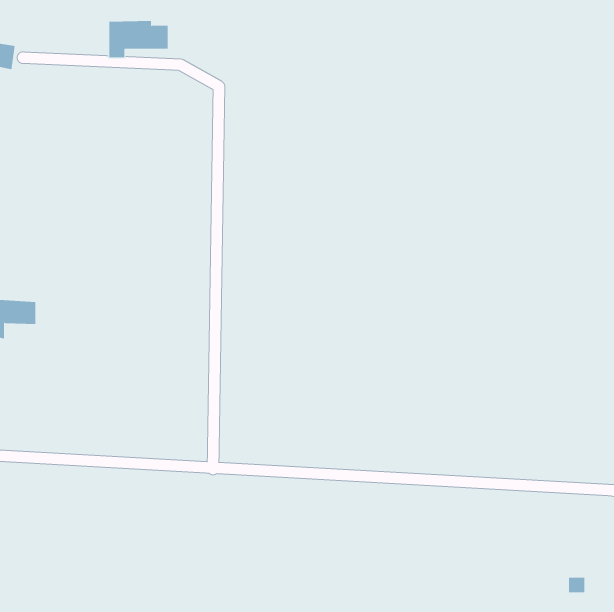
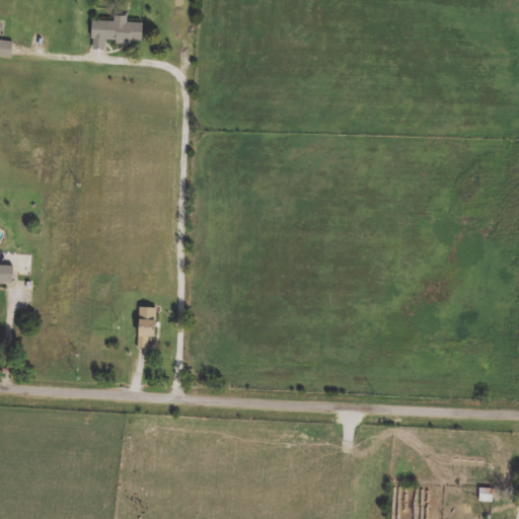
building: none -> [138,306,155,347]

